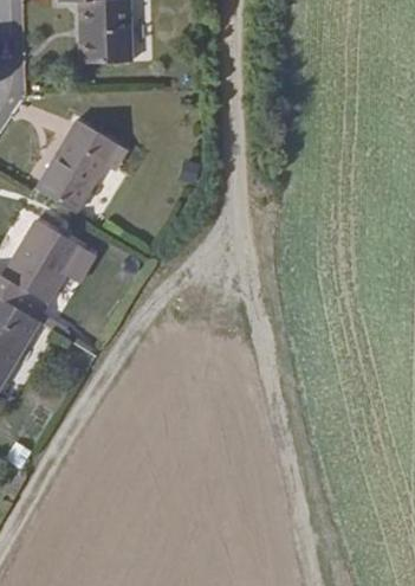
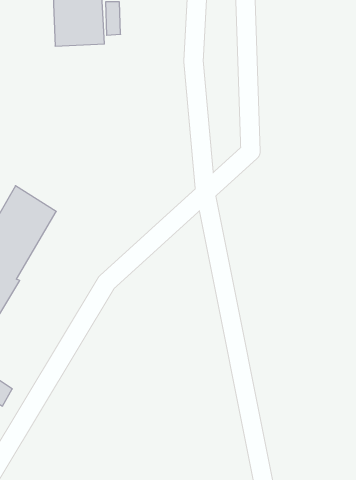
building: [35,116,130,213] -> none

